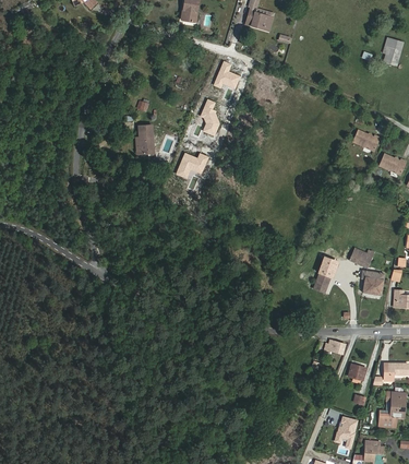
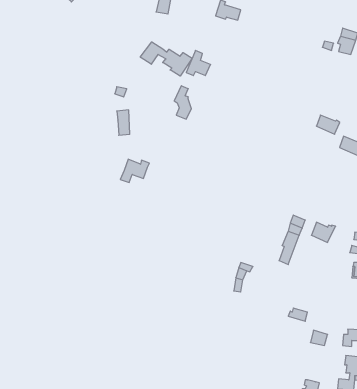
building: none -> [140,42,192,76]
building: [177,153,208,178] -> [120,159,149,182]
building: [362,267,384,296] -> none

